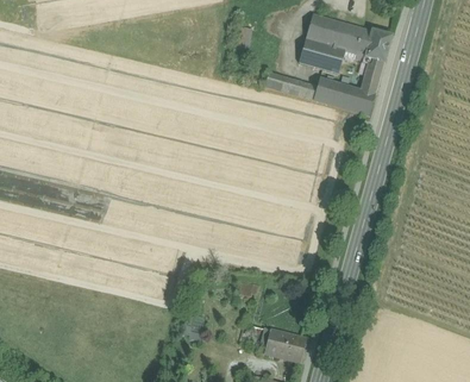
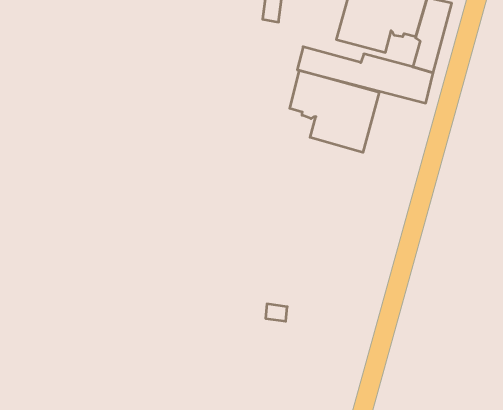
building: none -> [290,70,379,152]
building: [262,330,306,363] -> none

